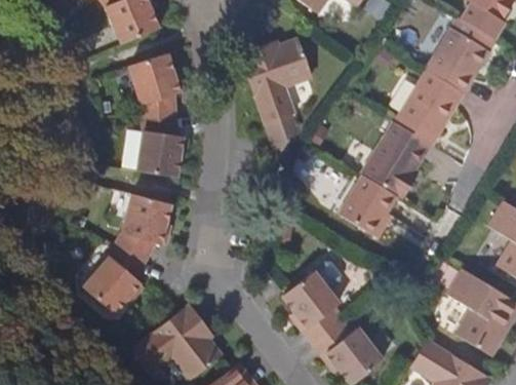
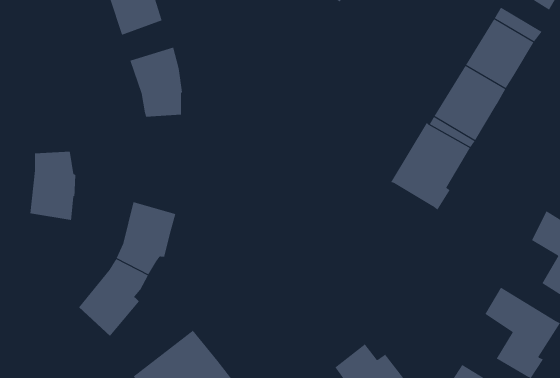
building: [243,38,313,153] -> none
building: [137,114,180,177] -> [30,151,76,220]
building: [341,176,401,237] -> none
building: [281,262,340,342] -> none

